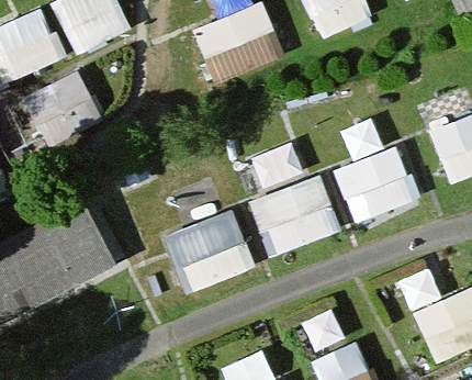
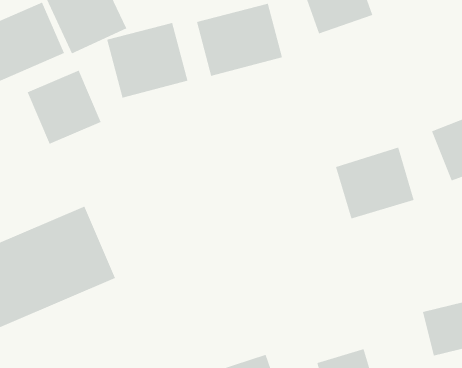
building: none -> [107,22,188,98]
building: [254,180,335,252] -> none
building: [165,208,258,292] -> none

